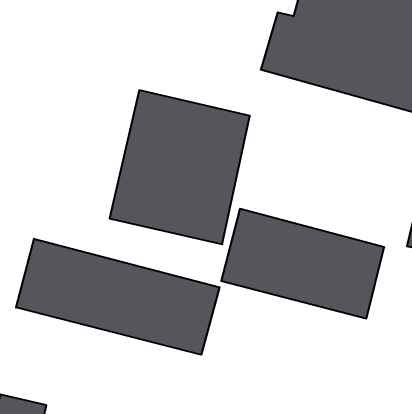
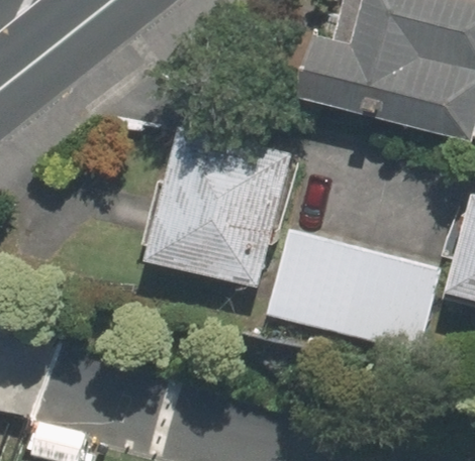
building: [16,239,220,355] -> none

